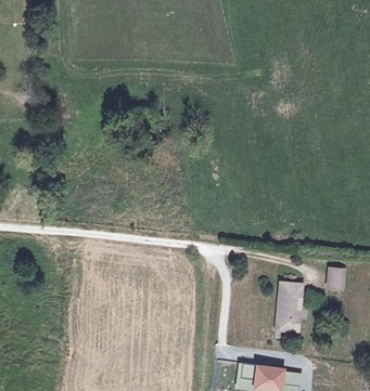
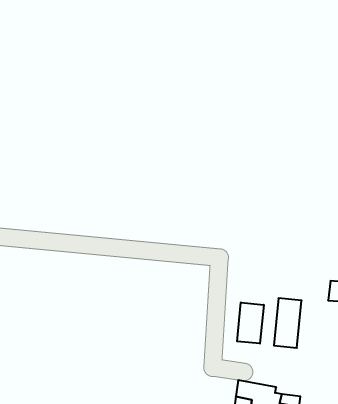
building: none -> [237,302,264,344]

